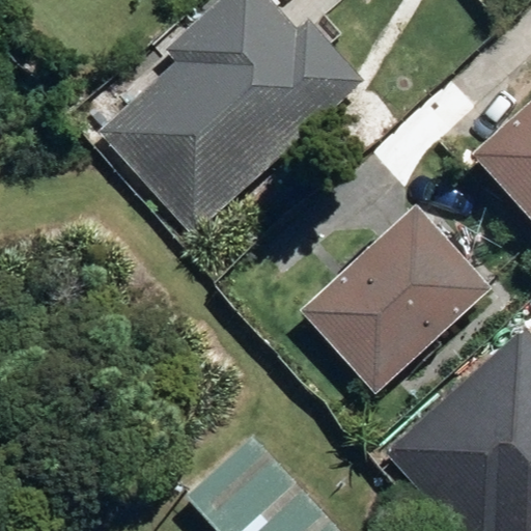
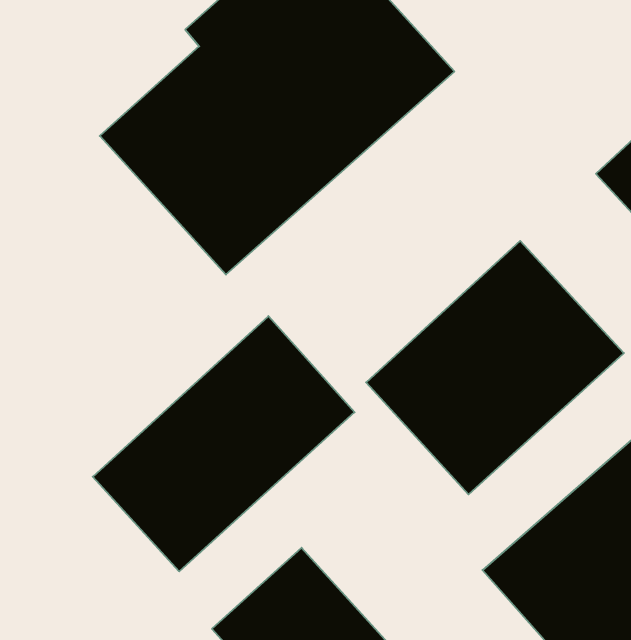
building: none -> [93,316,355,571]

